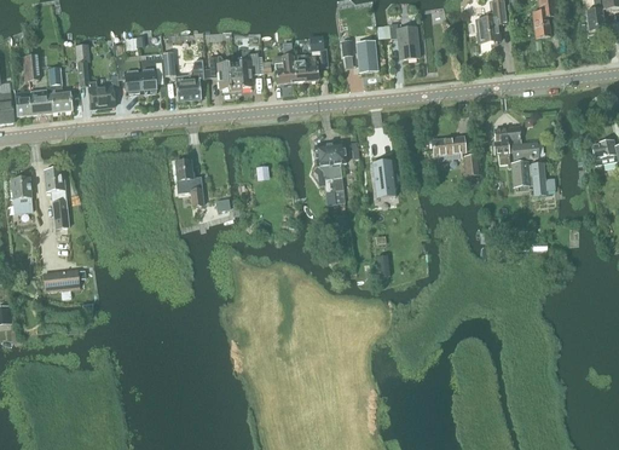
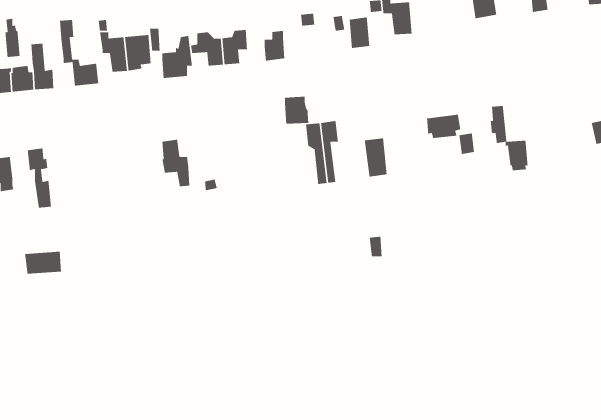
building: [294,53,318,81] -> [284,96,309,125]
building: [507,125,538,158] -> none
building: [531,161,555,195] -> none

